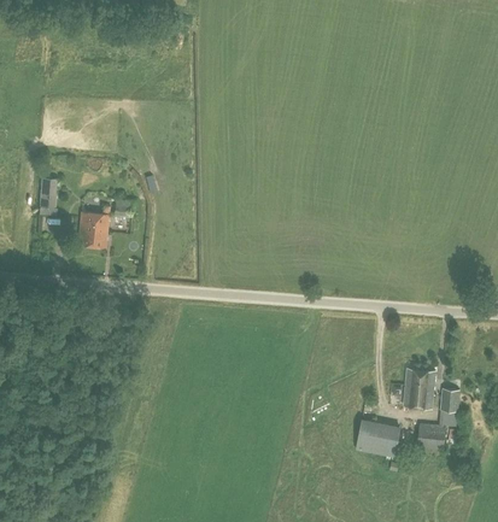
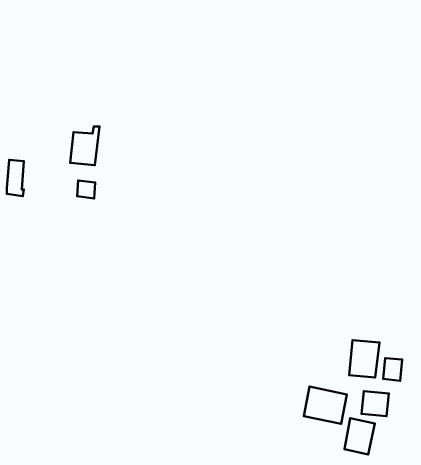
building: [77,206,109,247] -> [70,127,99,165]
building: none -> [345,418,375,454]

